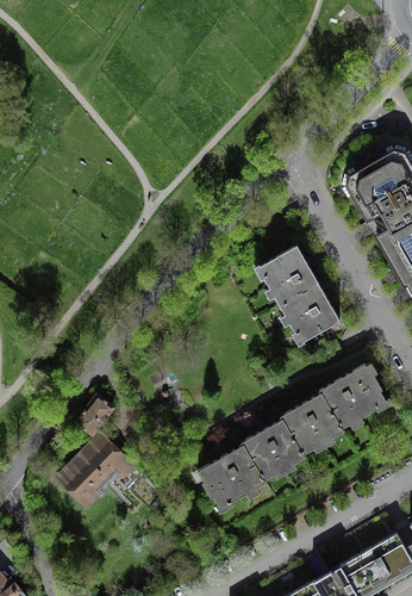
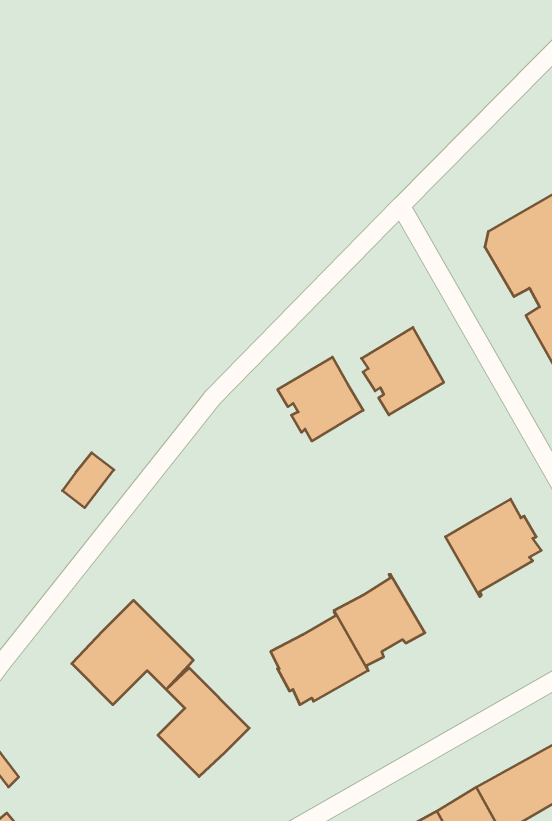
building: [280,284,339,342] -> [278,357,363,441]
building: [281,391,343,458] -> none
building: [77,397,113,435] -> [62,453,114,508]
building: none -> [158,668,249,777]

